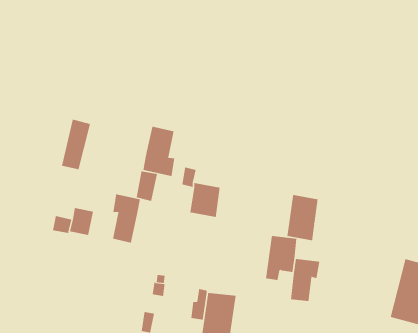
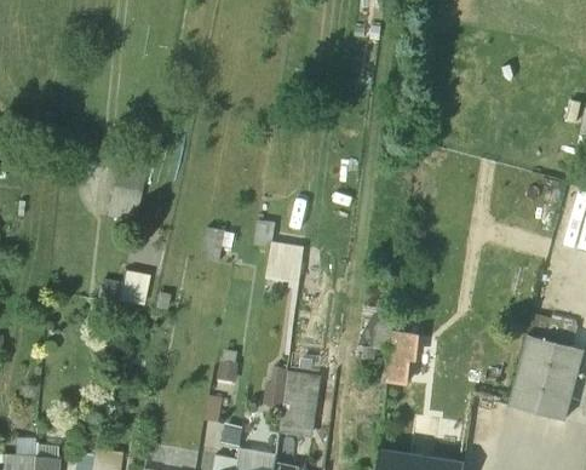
building: [143,126,175,177] -> none
building: [112,194,141,243] -> none
building: [287,194,318,241] -> none

